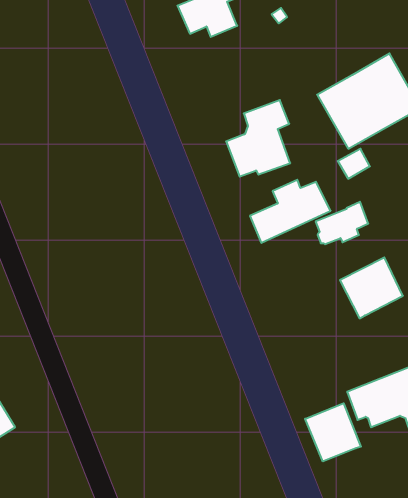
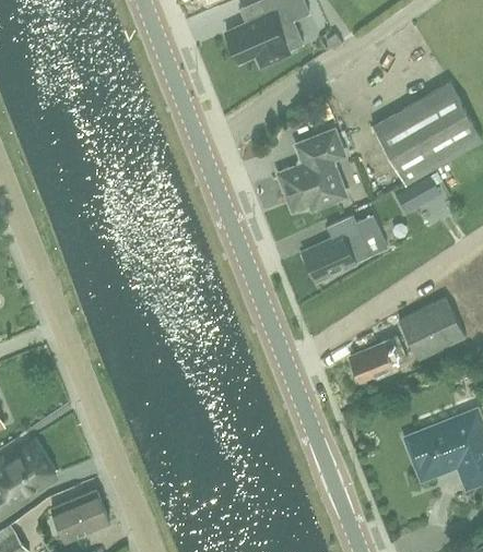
building: [316,202,368,244] -> [350,336,405,381]
building: [305,403,361,461] -> none
building: none -> [51,490,109,541]

